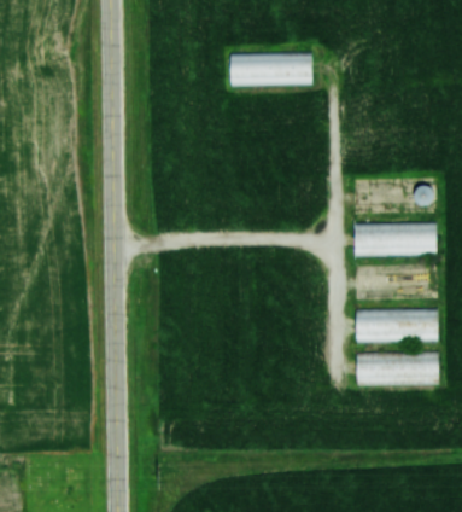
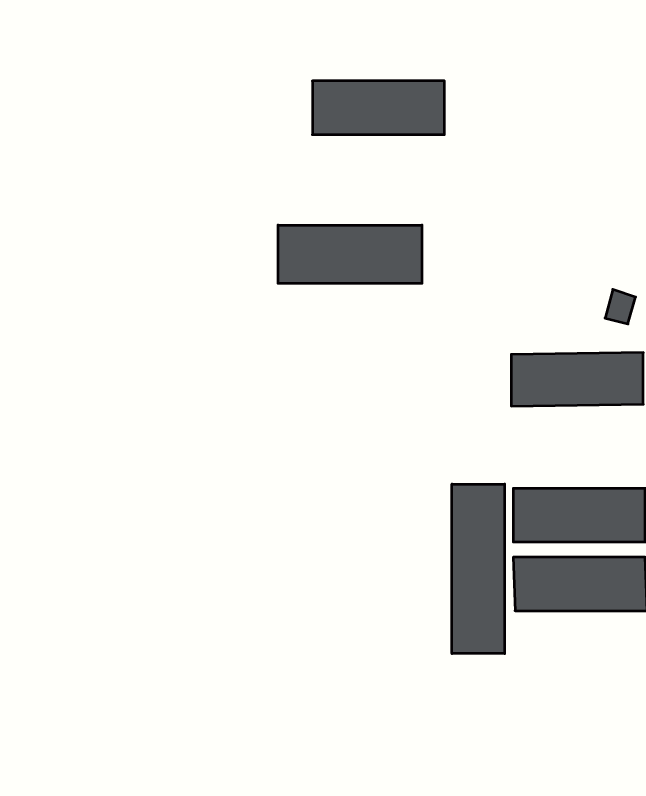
building: none -> [278,225,422,283]
building: none -> [452,484,505,654]

